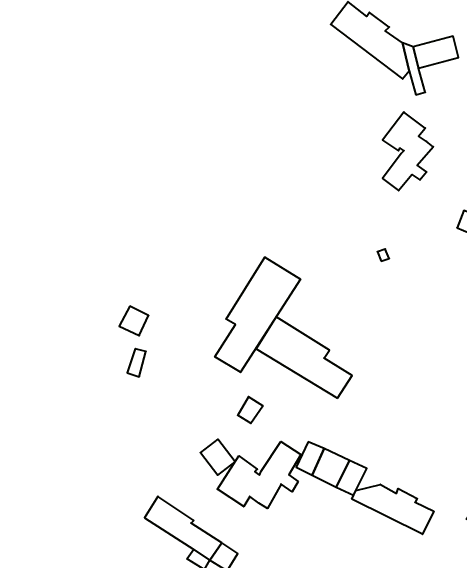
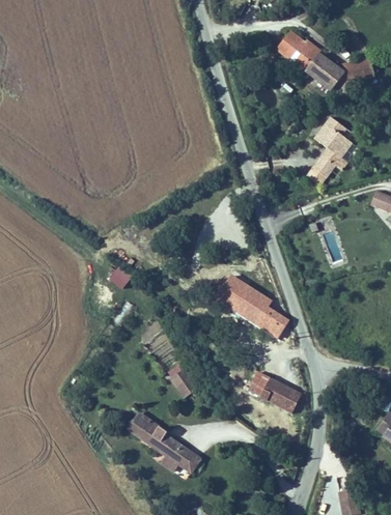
building: [215,257,300,372] -> none
building: [217,442,301,508] -> none
building: [352,484,434,534] -> none

